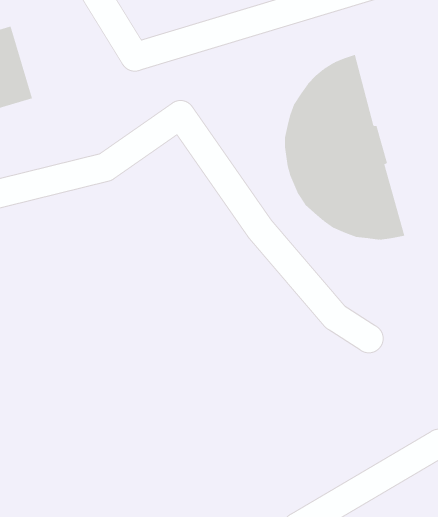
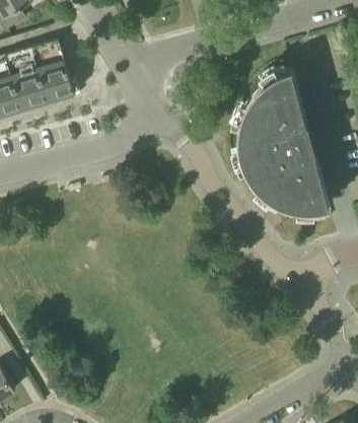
building: none -> [31,40,74,101]

